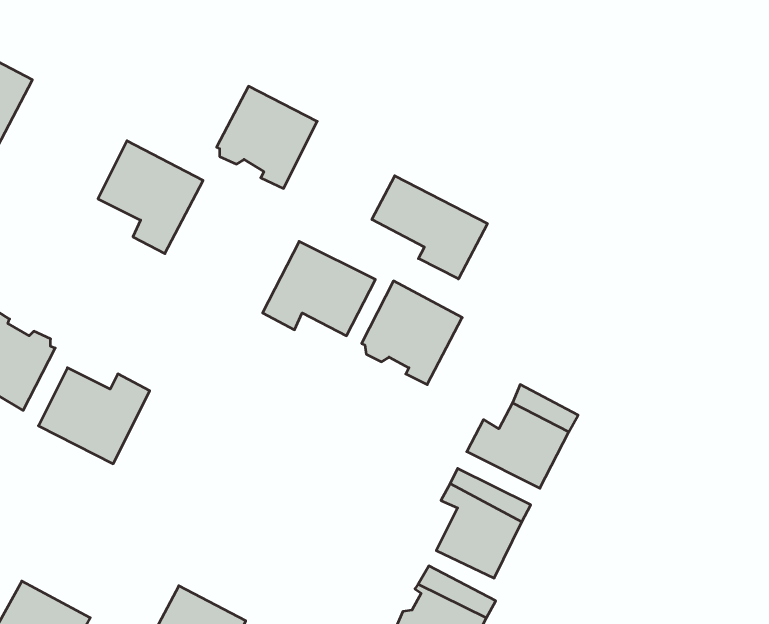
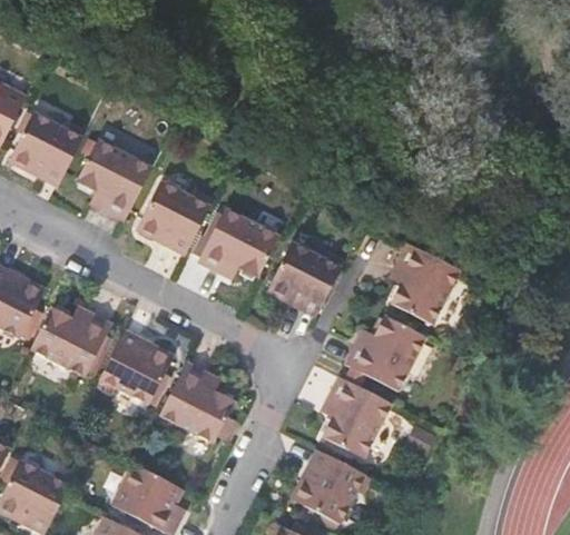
building: [217,86,317,188] -> [135,184,208,258]
building: none -> [8,111,82,186]
building: [372,176,487,279] -> none
building: none -> [390,244,460,327]
building: none -> [100,328,171,403]
building: none -> [159,361,235,442]

